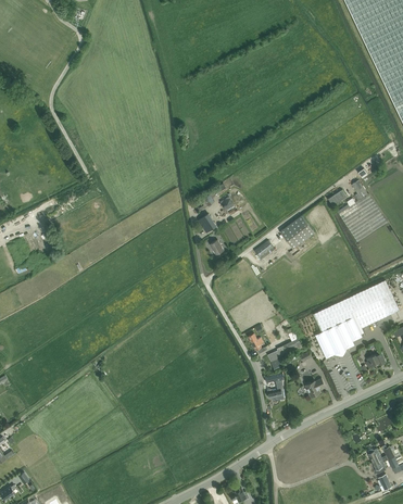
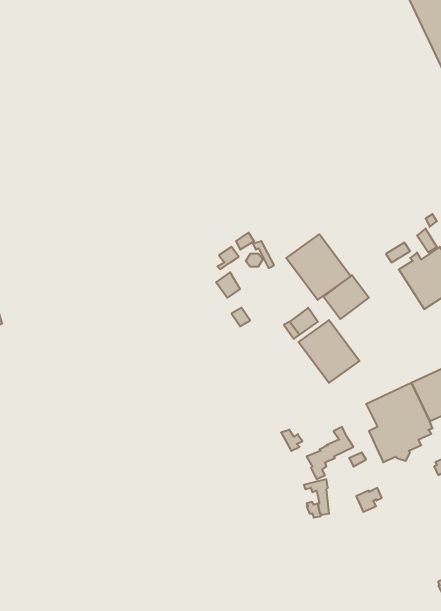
building: none -> [286,234,351,300]
building: none -> [298,320,360,383]

